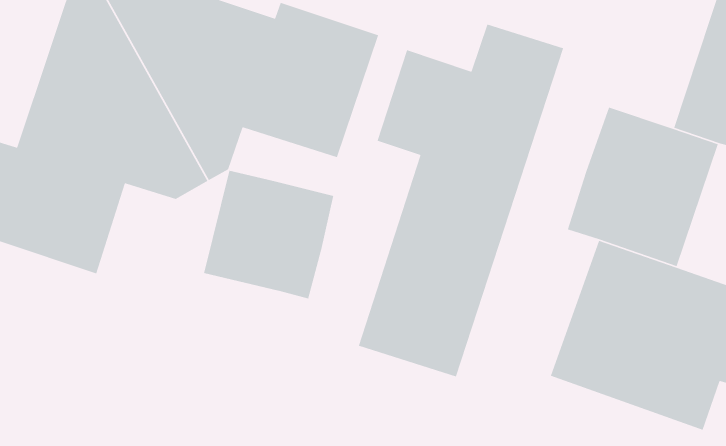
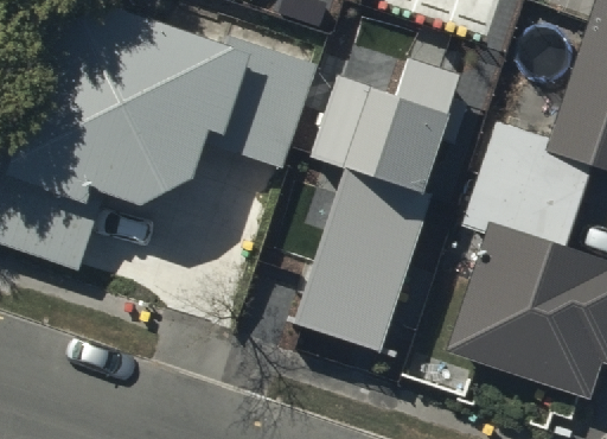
building: [203,170,334,299] -> none

